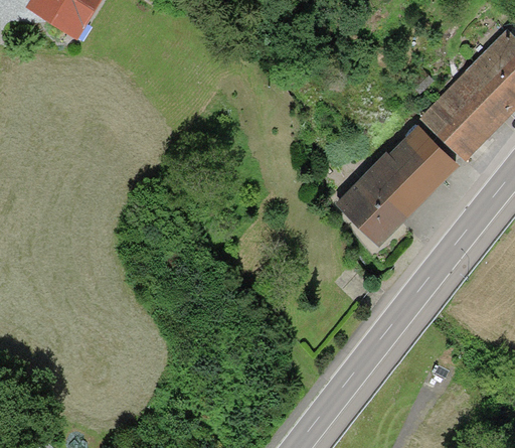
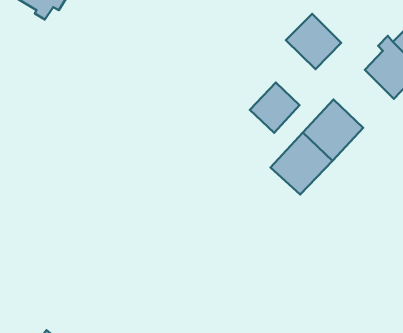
building: [422,92,490,159] -> [286,14,341,69]
building: none -> [250,82,300,133]

